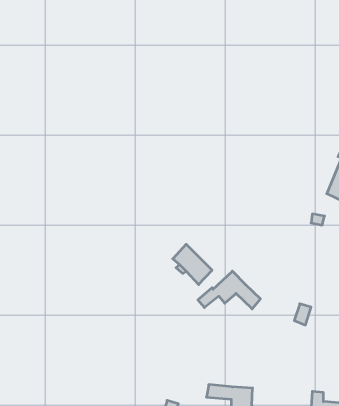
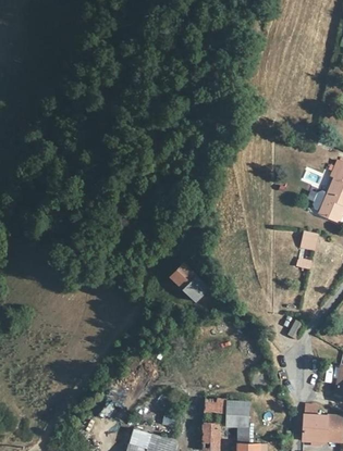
building: [198,271,260,309] -> none

